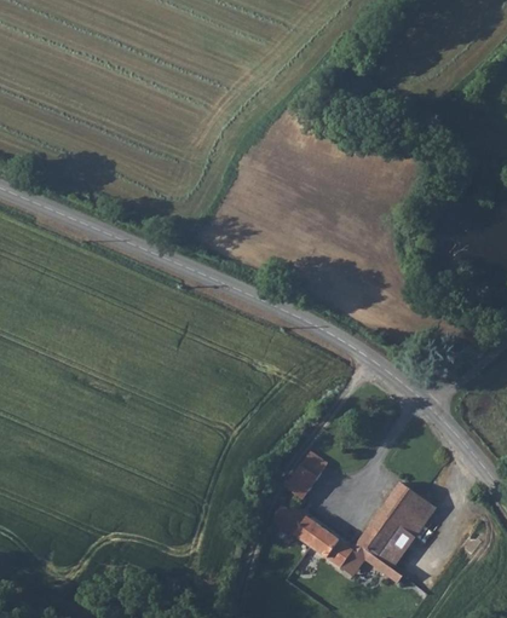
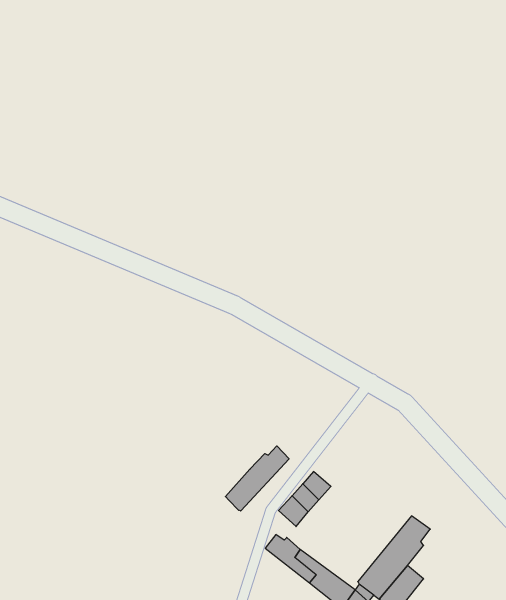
building: none -> [225,446,289,511]
building: [398,496,437,541] -> none

